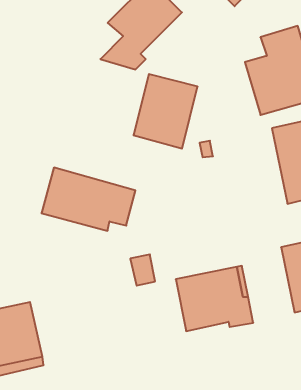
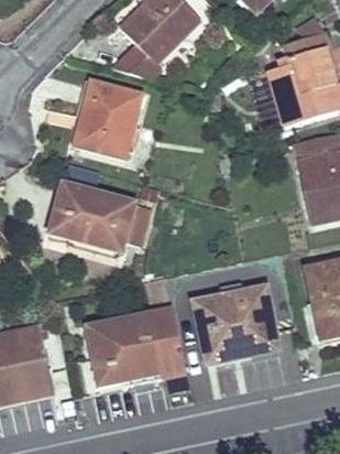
building: [133,74,198,149] -> [73,78,141,158]
building: none -> [87,307,184,382]

